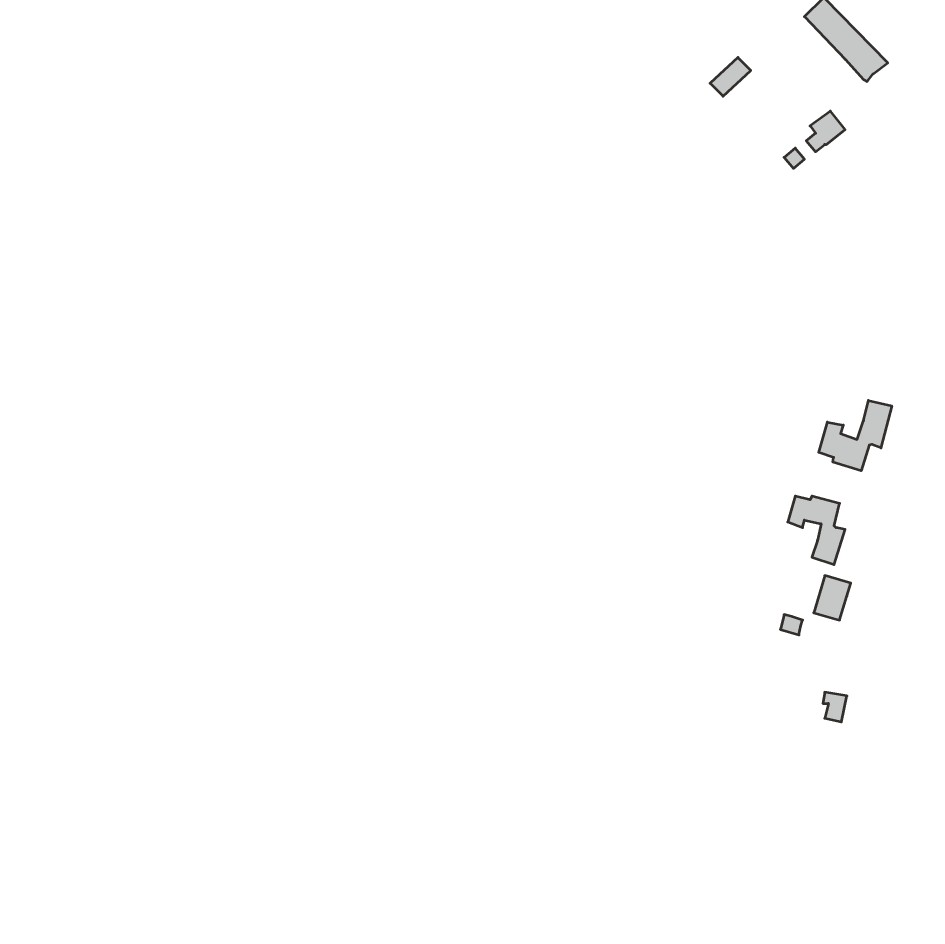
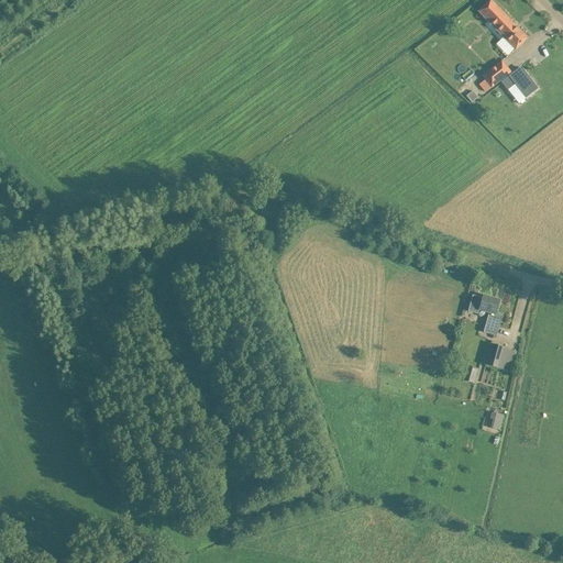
building: none -> [501,66,537,97]
building: [819,400,892,471] -> none

